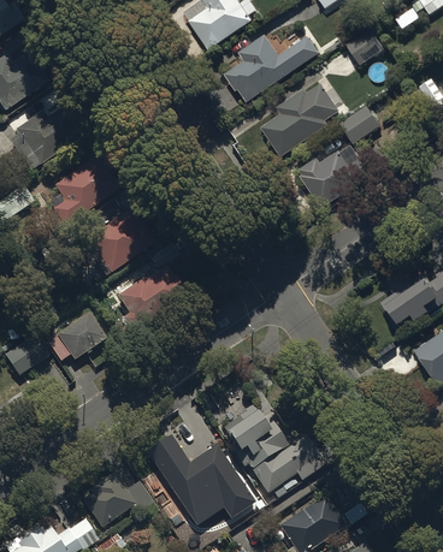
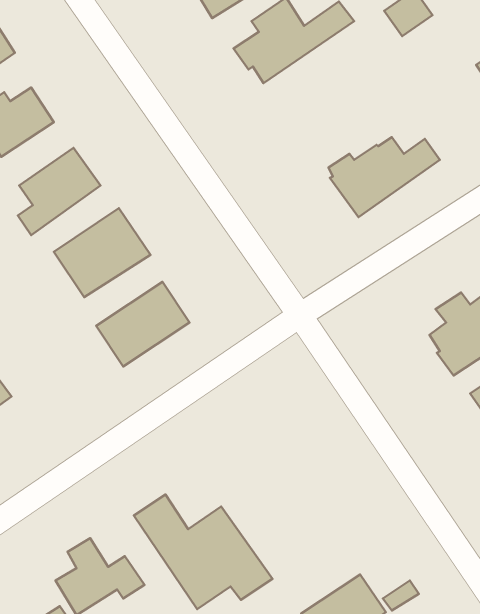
building: [260,84,339,158] -> none
building: [338,105,379,144] -> none
building: [55,311,104,357] -> none
building: [224,405,324,492] -> none

